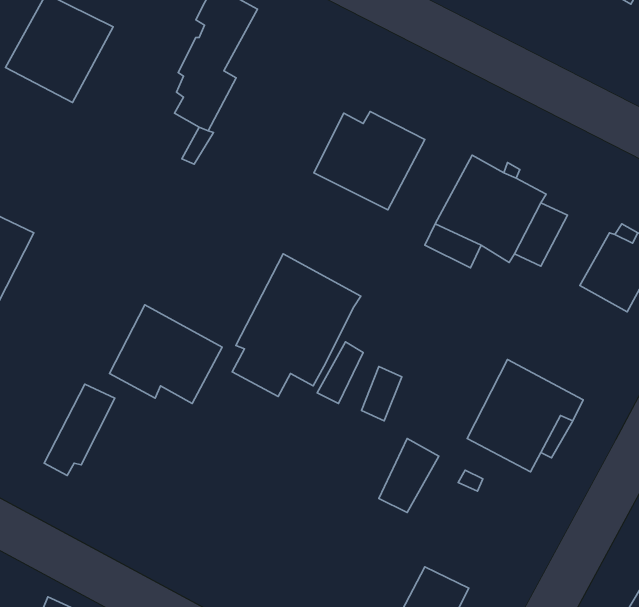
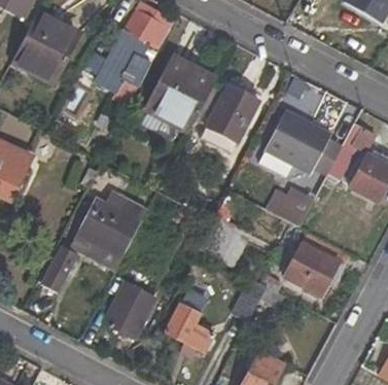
building: none -> [327,122,379,180]
building: [232,254,361,396] -> [141,55,216,138]
building: none -> [267,187,315,226]
building: none -> [105,283,154,337]
building: none -> [167,291,217,351]

